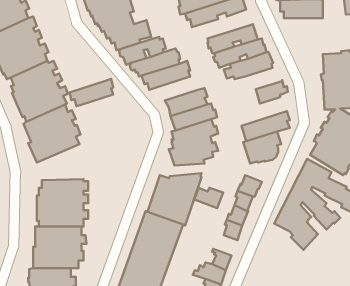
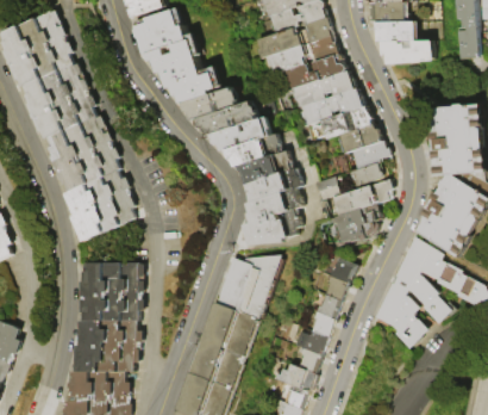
building: none -> [283,52,345,88]
building: none -> [334,123,382,153]
building: [70,79,113,106] -> [225,132,279,166]
building: none -> [346,161,383,186]
building: [194,188,223,208] -> [292,330,327,355]

